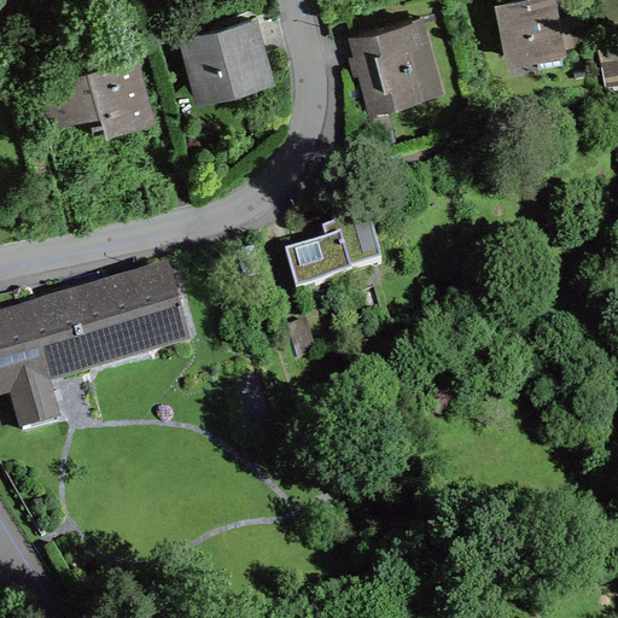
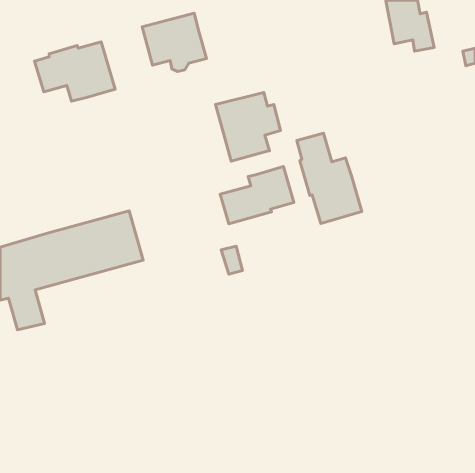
building: [350,21,435,110] -> [215,92,280,161]
building: none -> [297,133,362,223]

